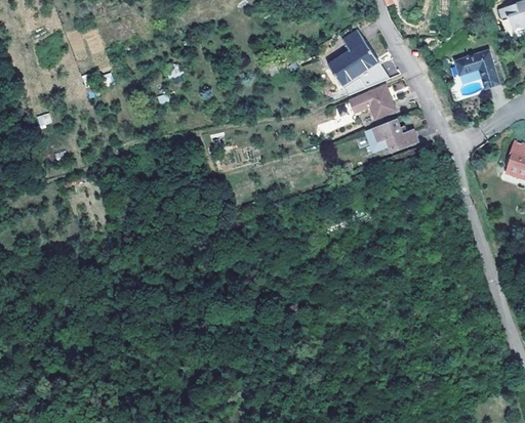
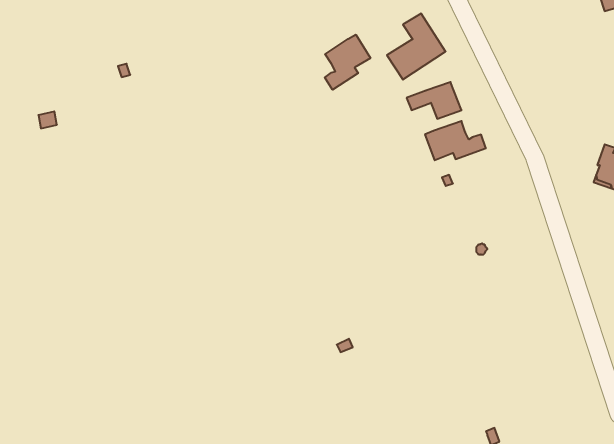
building: [453,48,498,86] -> none
building: none -> [325,35,370,90]

